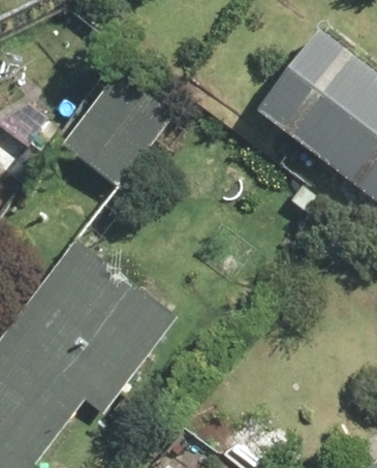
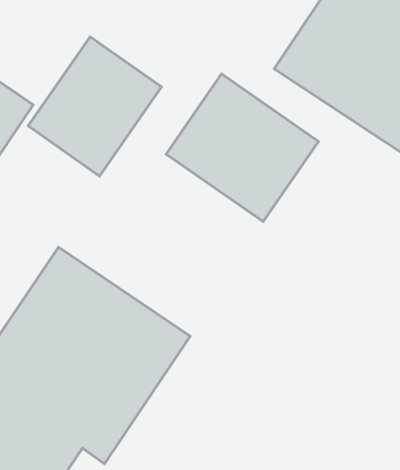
building: none -> [166,74,319,222]

